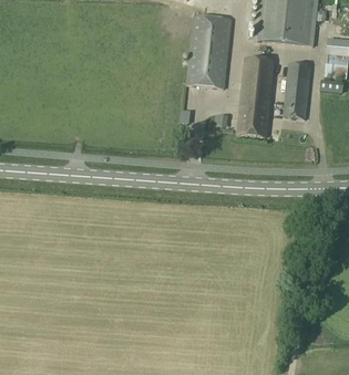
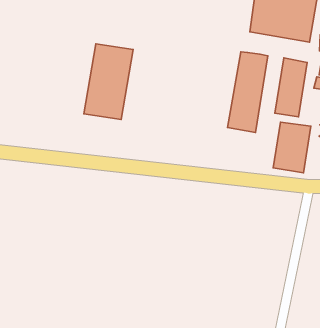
building: [187,14,232,86] -> [84,44,133,119]
building: none -> [273,122,311,173]

